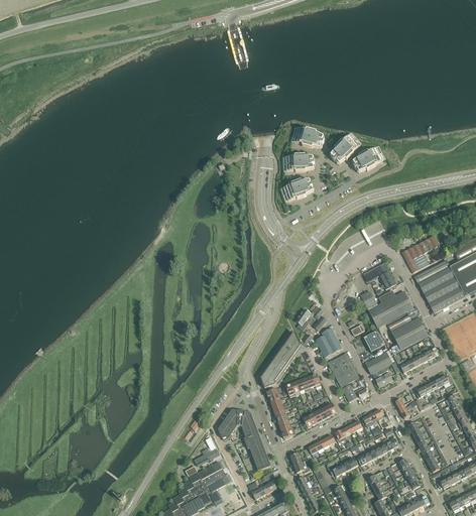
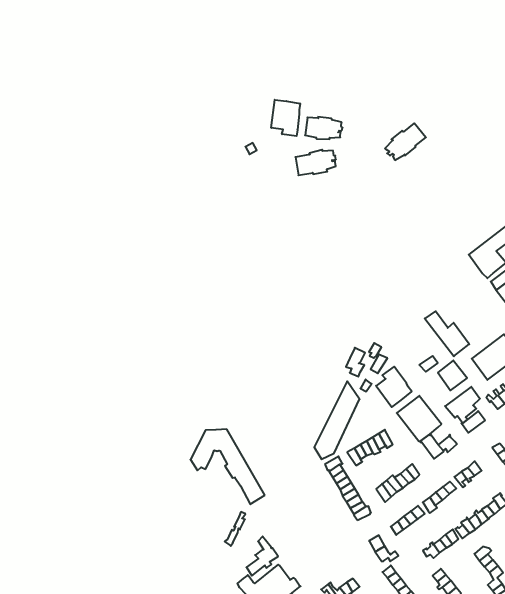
building: none -> [271,100,300,136]
building: [330,134,359,163] -> none
building: [280,179,313,202] -> none
building: [363,262,395,288] -> none
building: [378,289,412,319] -> none
building: [218,408,269,470] -> [190,429,265,504]

